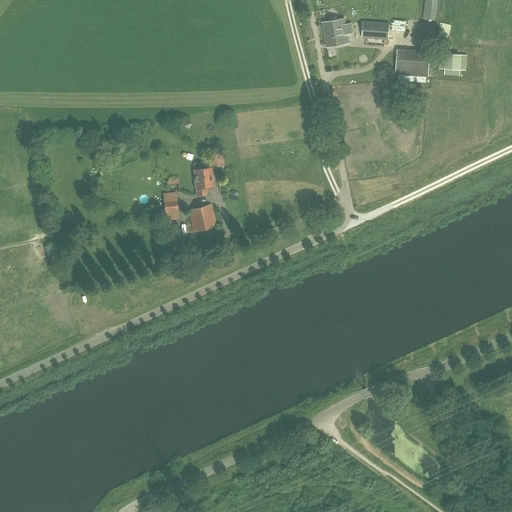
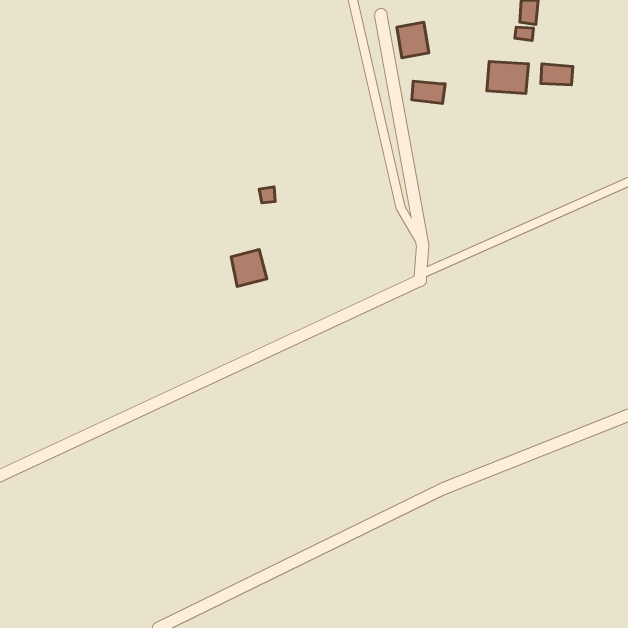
building: [363,21,390,39] -> [412,81,445,103]
building: [193,168,213,195] -> none
building: [163,192,179,220] -> none

